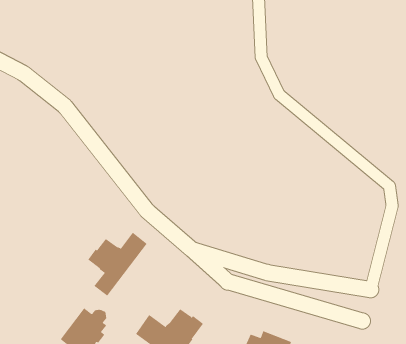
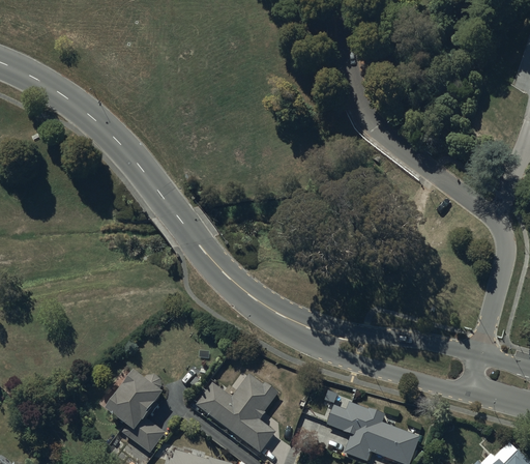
building: [88,232,147,297] -> none

